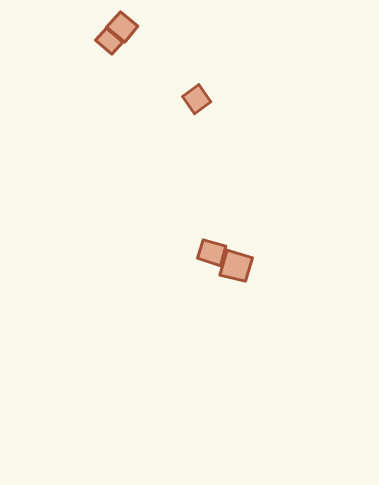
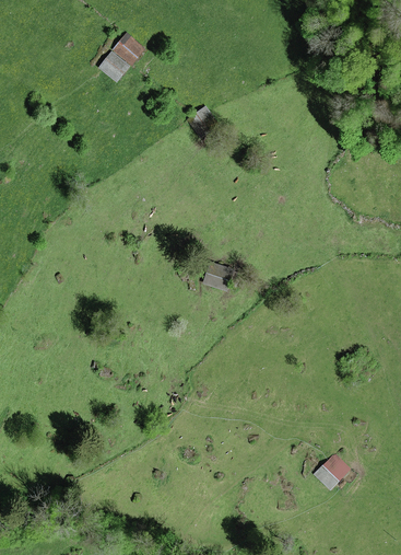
building: [220,250,252,281] -> none
building: none -> [315,453,349,486]

